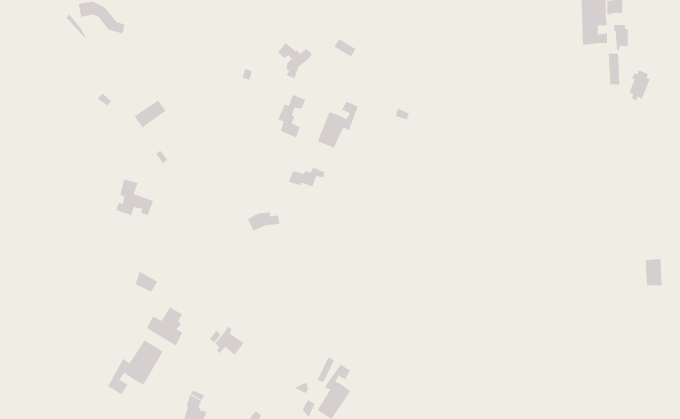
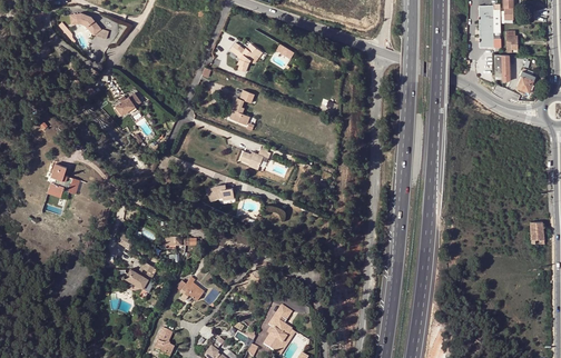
building: [317,101,358,149] -> none
building: [115,179,154,216] -> [48,163,79,193]
building: [107,340,164,395] -> none

